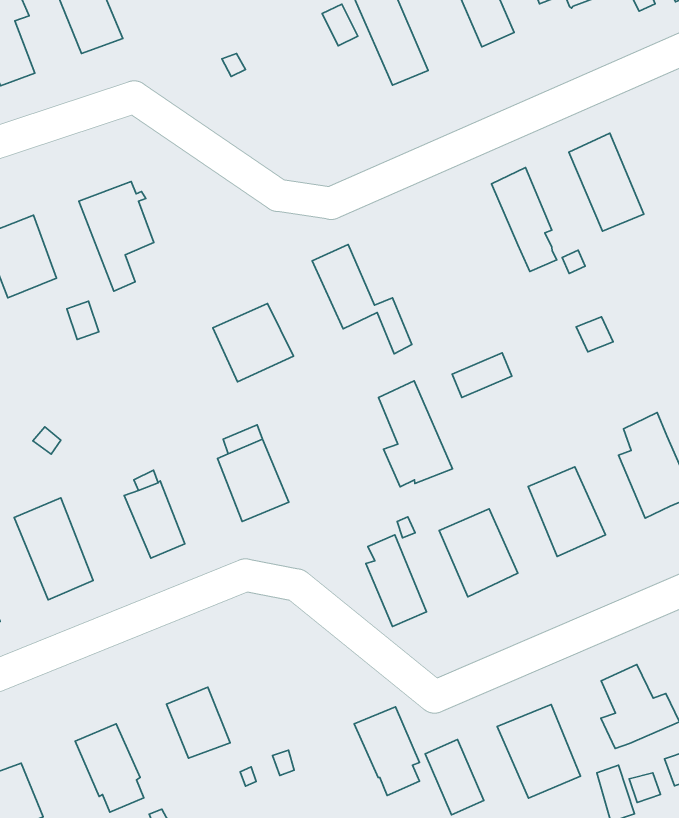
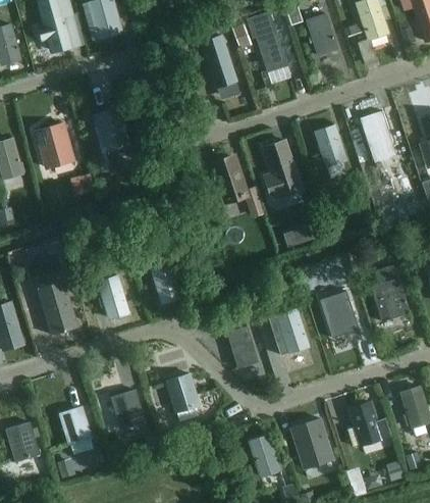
building: none -> [202,36,236,89]
building: [213,303,294,382] -> none
building: [378,381,452,487] -> [265,141,302,198]
building: [354,707,420,795] -> [166,374,200,422]

